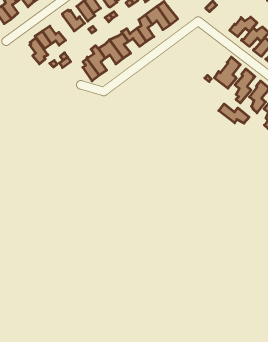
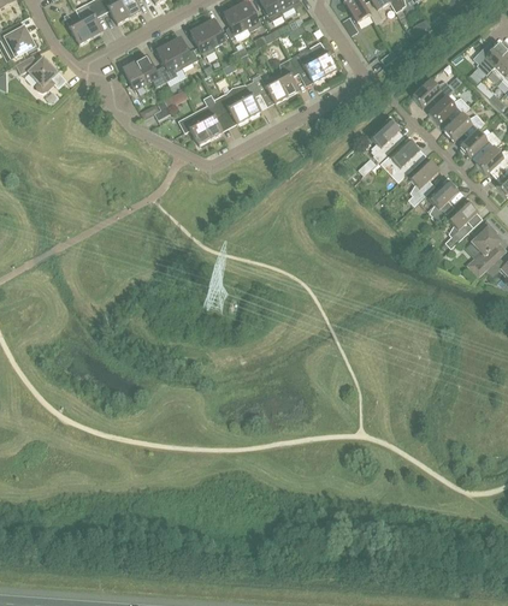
building: [30,38,48,64] -> [156,40,182,79]
building: none -> [371,114,402,160]
building: [219,104,249,123] -> none

